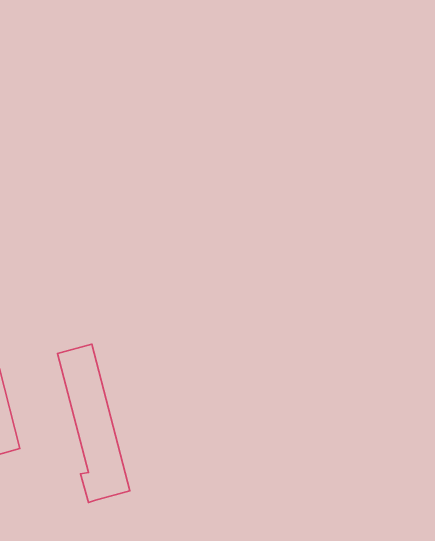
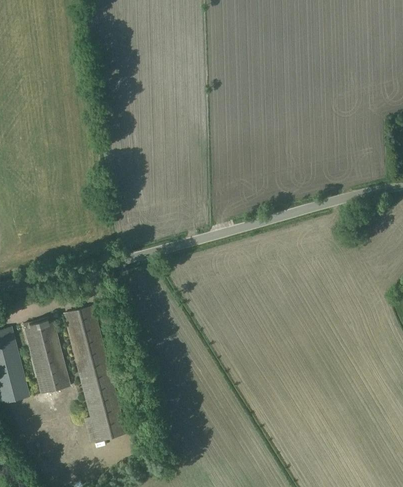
building: none -> [23,316,72,394]

